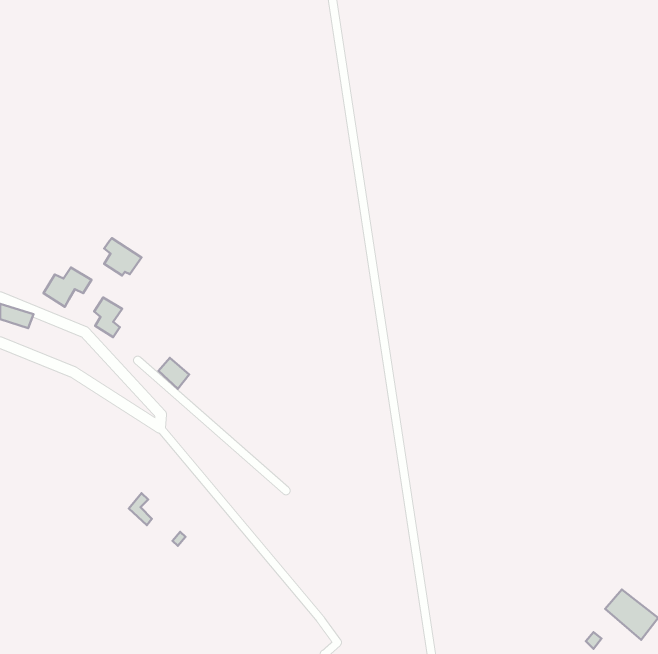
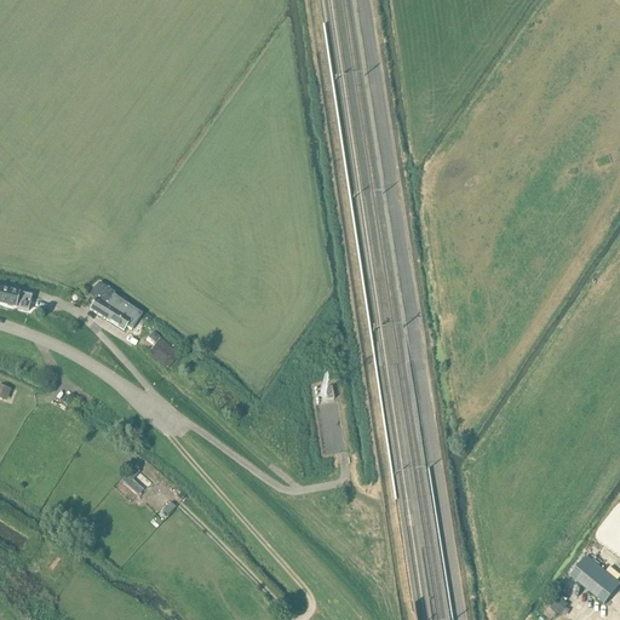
building: [104,238,142,276] -> [107,293,142,328]
building: [44,267,92,307] -> none

